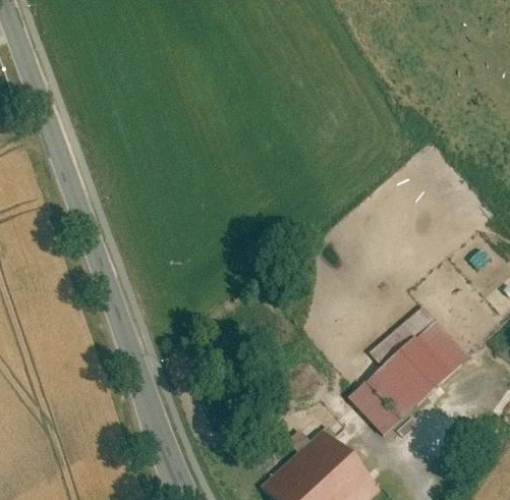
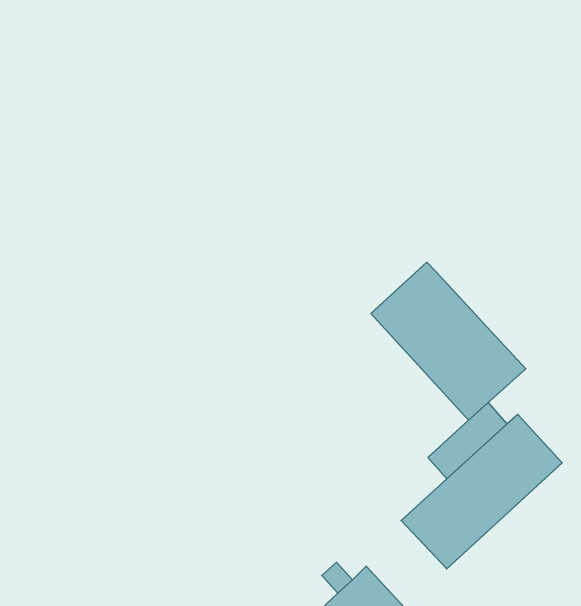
building: none -> [371,262,526,420]

